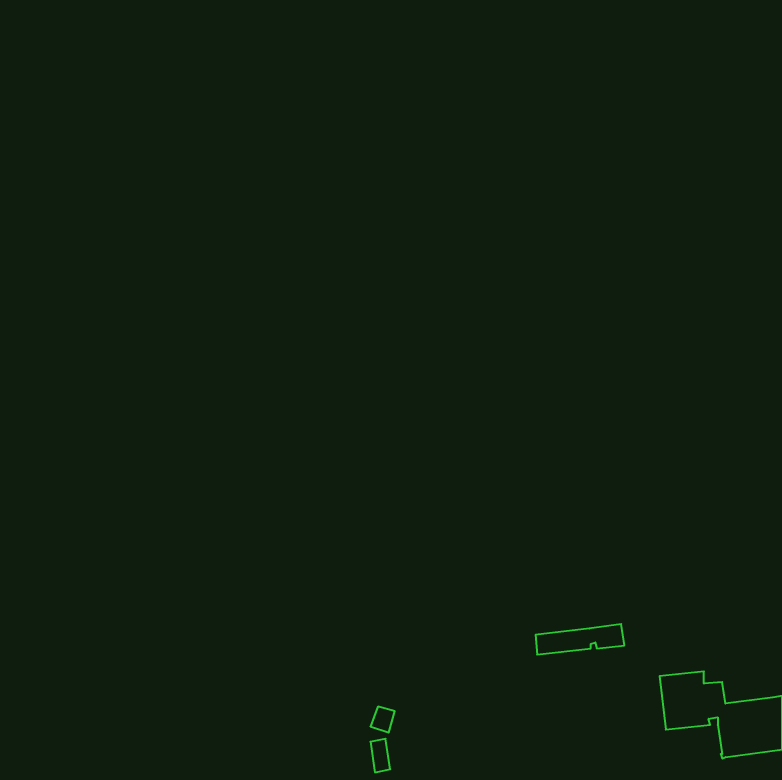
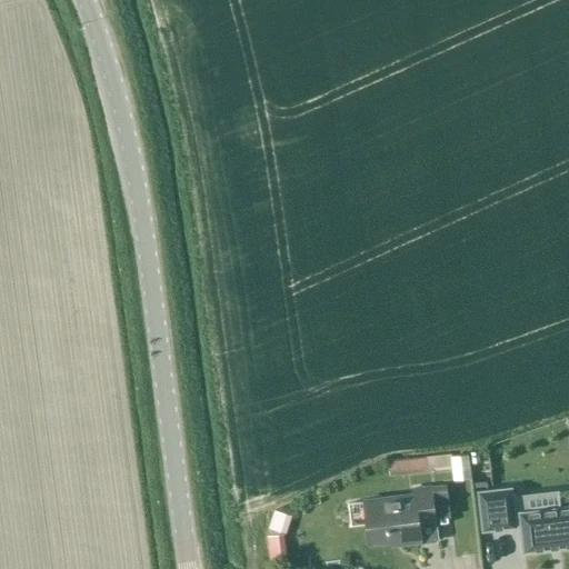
building: none -> [365,488,436,543]

